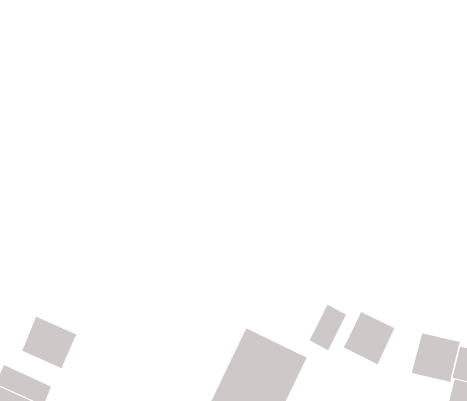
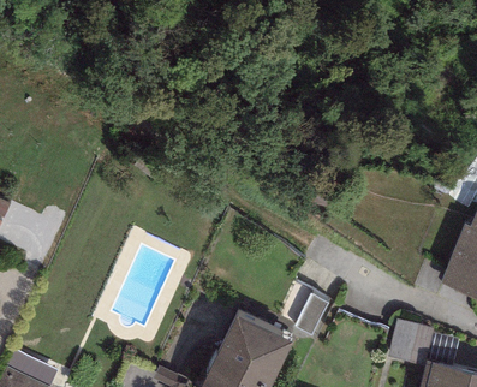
building: [343,311,395,365] -> none
building: [21,316,78,369] -> none

